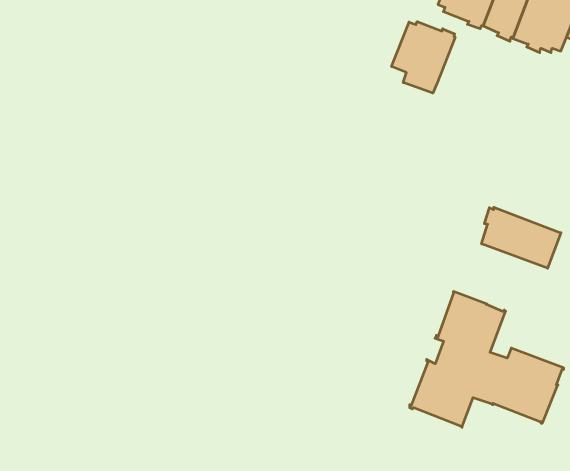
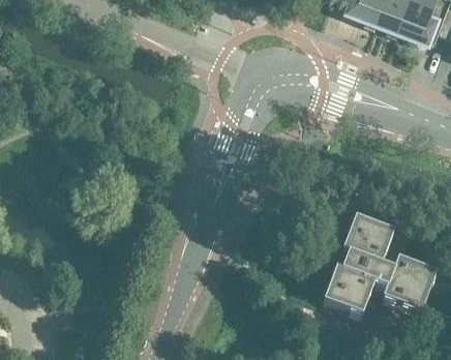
building: [392,22,455,93] -> none
building: [482,207,561,268] -> none

